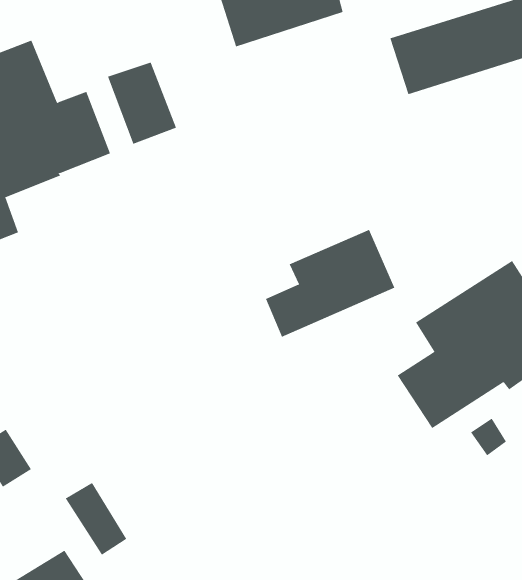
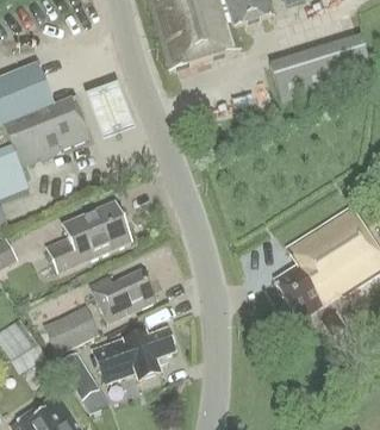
building: [265,229,395,337] -> [46,201,131,272]
building: none -> [89,268,156,322]
building: none -> [43,304,99,353]
building: none -> [93,329,175,381]

